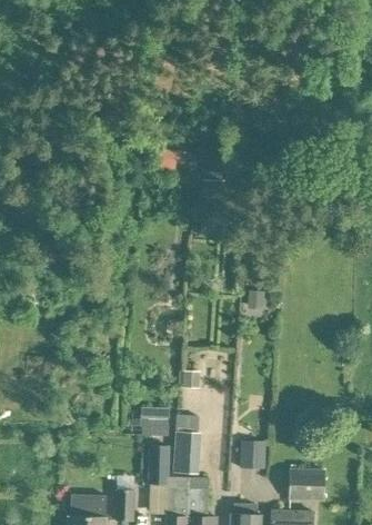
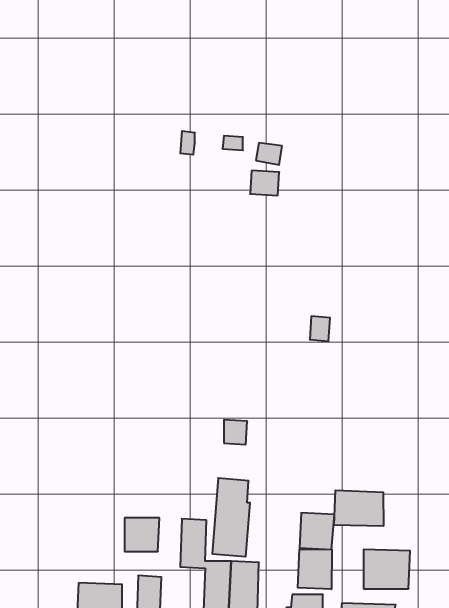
building: [143,409,170,435] -> [125,518,159,551]
building: none -> [334,490,383,526]
building: none -> [298,549,332,589]

